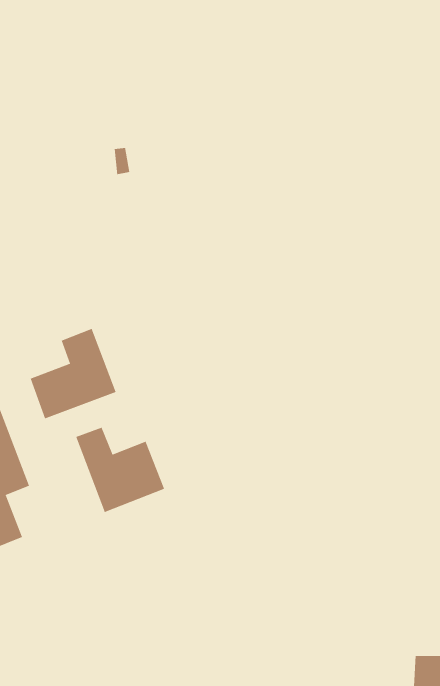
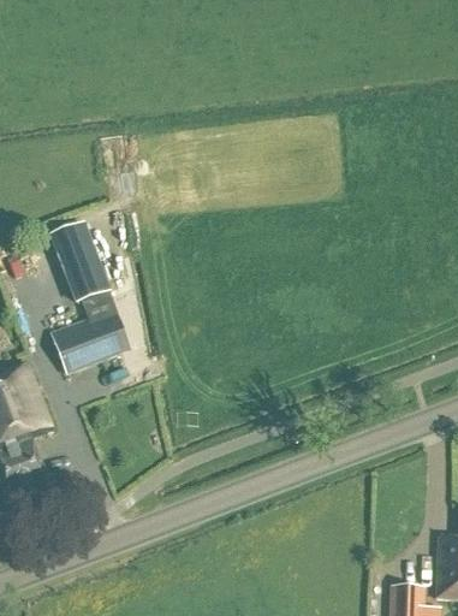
building: none -> [49,220,112,304]
building: [75,427,165,513] -> none

